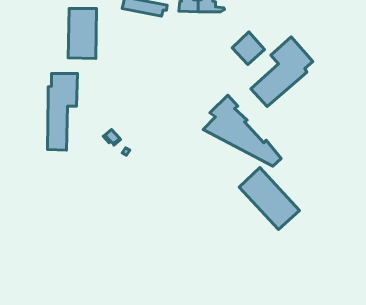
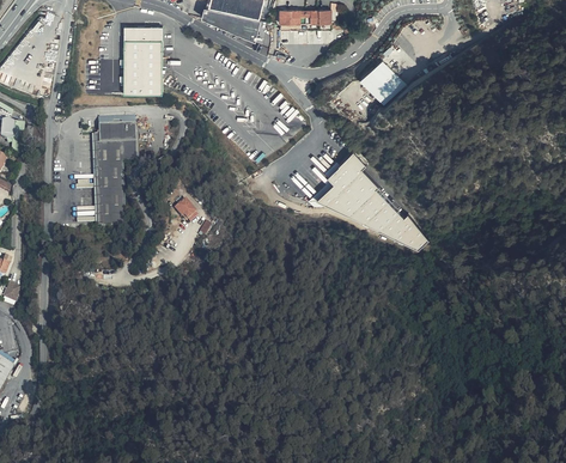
building: [251,37,313,107] -> none
building: [239,167,300,229] -> none

